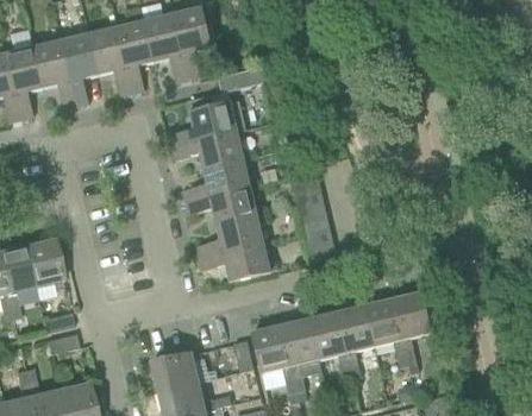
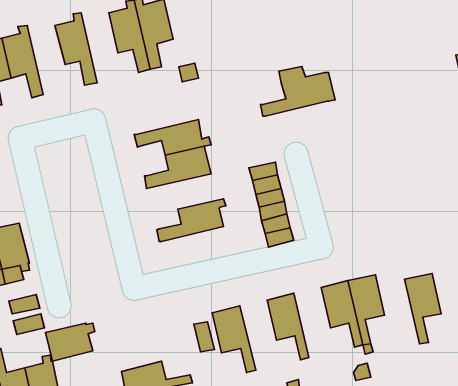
building: [117,19,155,94] -> none
building: [61,32,100,106] -> none
building: [169,96,246,147] -> [261,67,335,116]
building: [184,188,264,225] -> none
building: [198,242,277,281] -> none
building: [337,305,375,378] -> [404,274,441,344]
building: [281,319,323,391] -> none
building: [151,353,202,392] -> [46,323,95,361]

